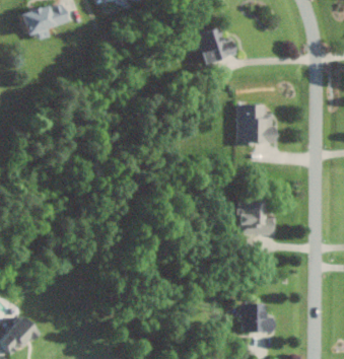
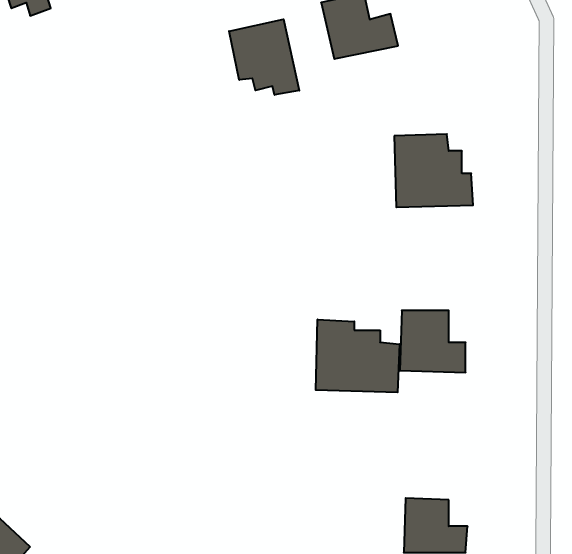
building: none -> [229,19,299,95]
building: none -> [316,319,400,392]

